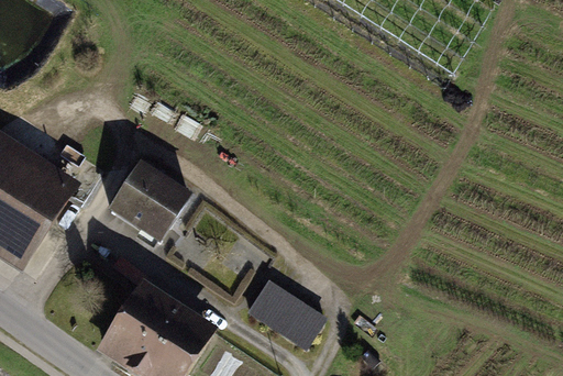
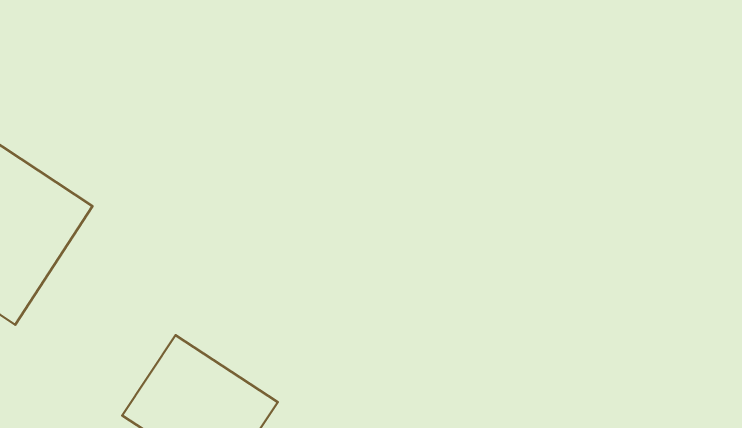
building: [108,158,186,236] -> none
building: [251,281,327,346] -> none

